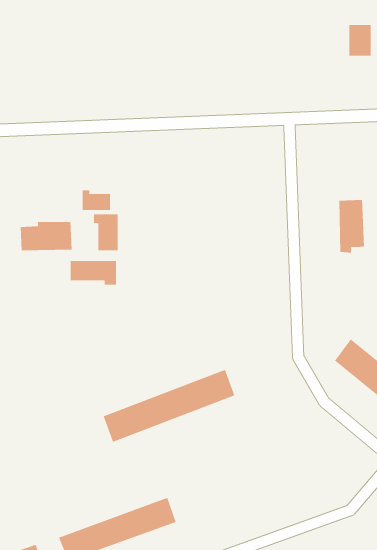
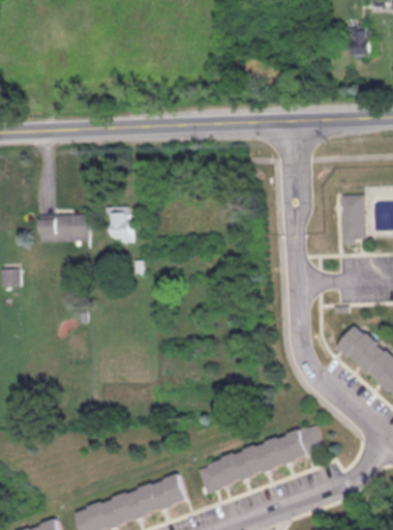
building: [82,190,111,211] -> none
building: [70,260,117,286] -> none
building: [103,369,235,442] -> [198,423,323,493]

